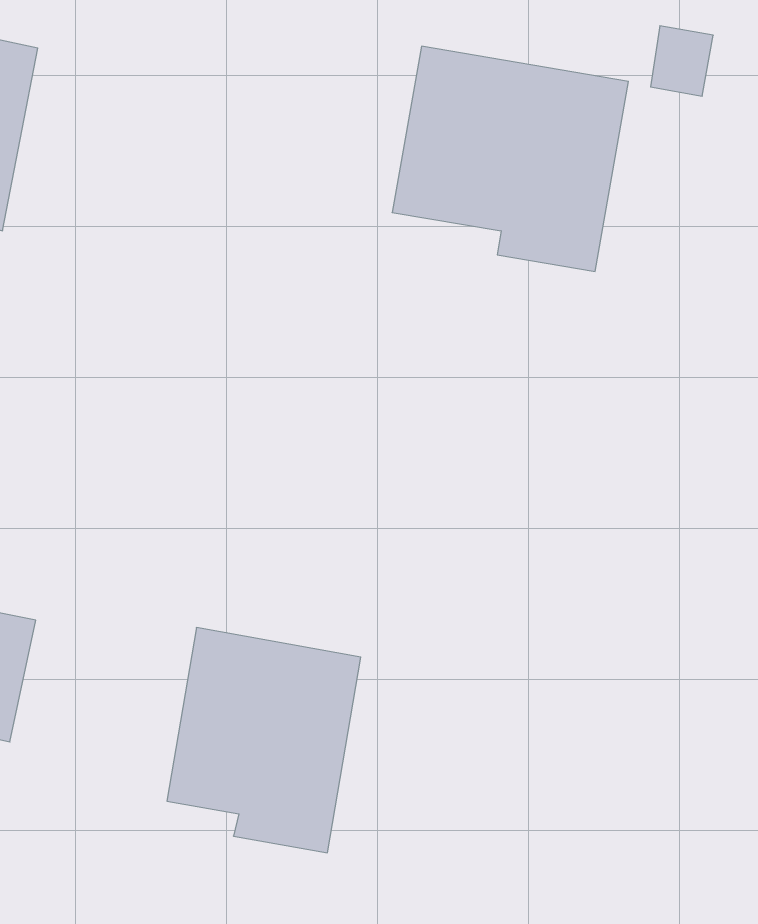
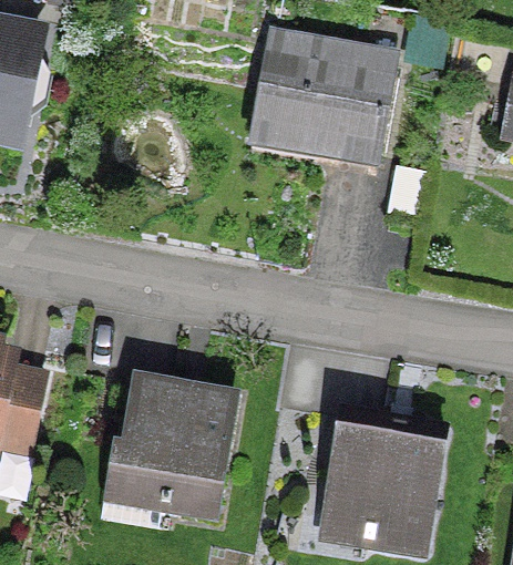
building: none -> [321,418,442,556]

